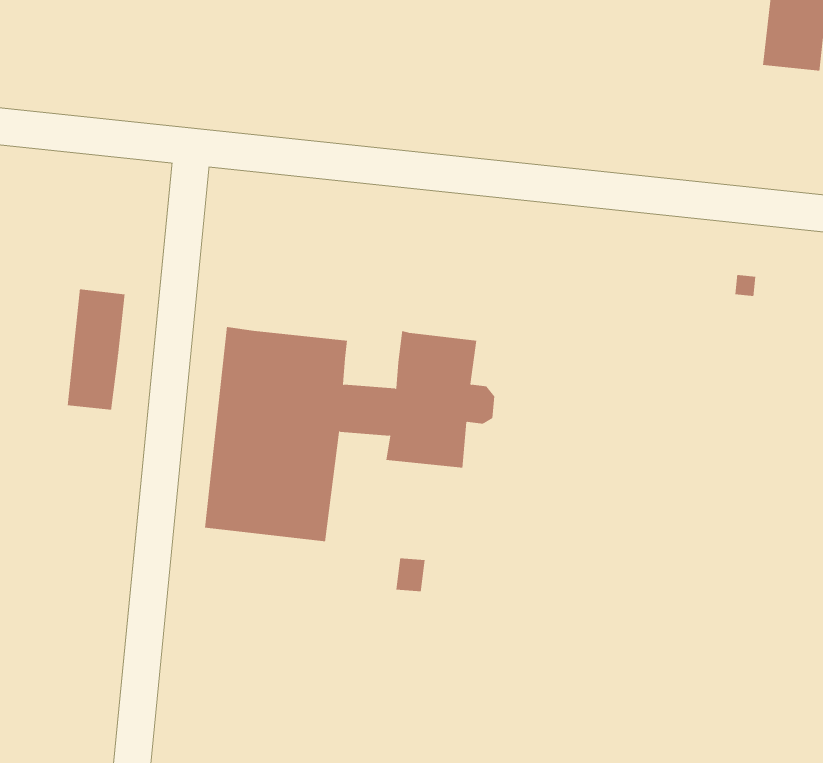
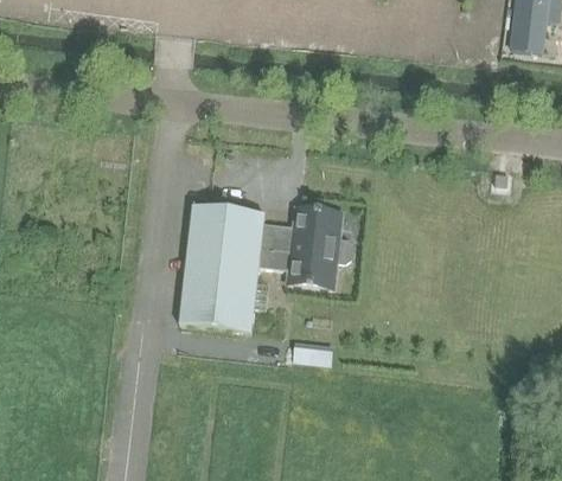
building: [67,289,125,411] -> none

